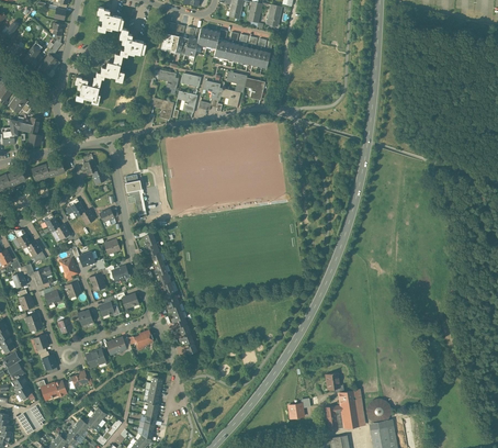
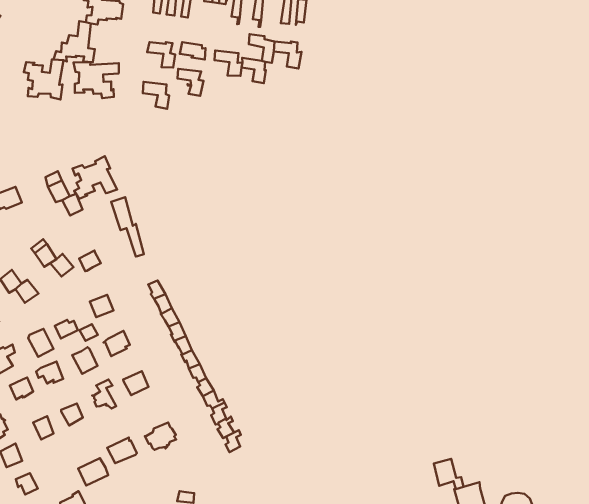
building: none -> [74,62,119,98]
building: none -> [72,156,117,199]

